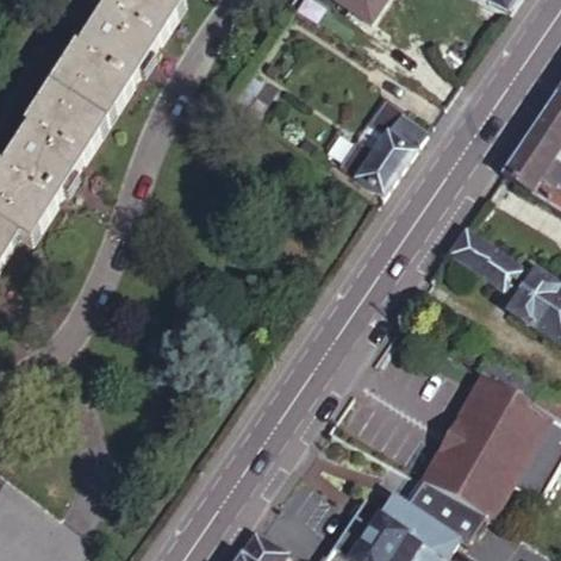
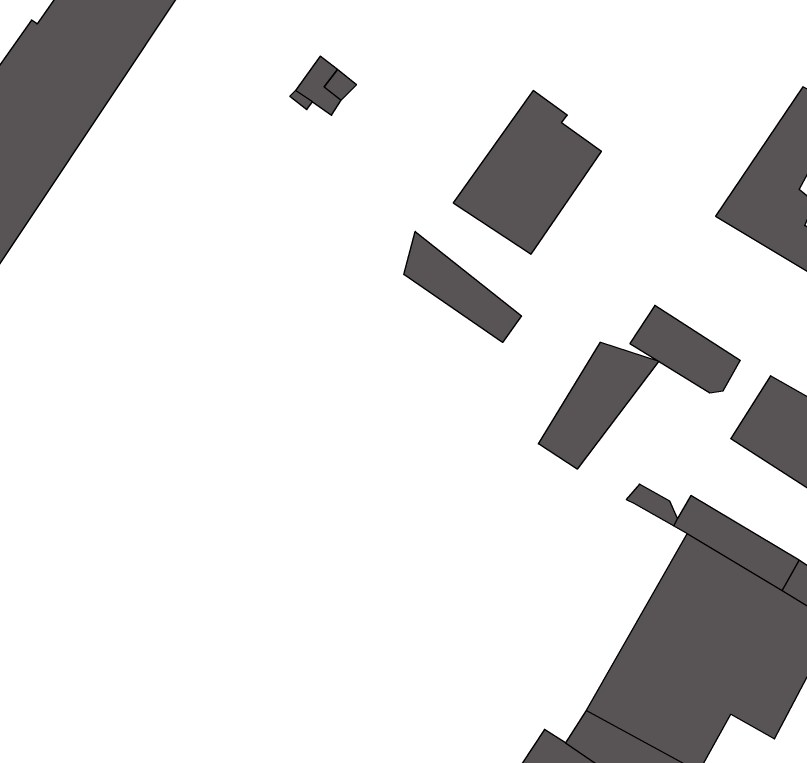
building: none -> [404,231,521,342]
building: none -> [538,342,659,469]

